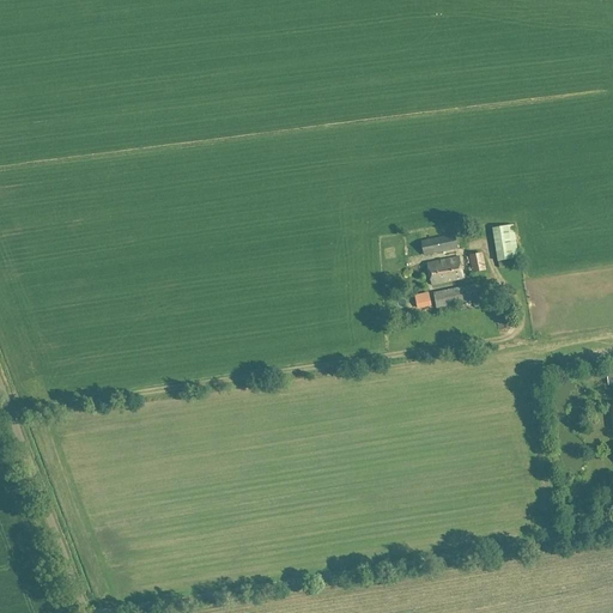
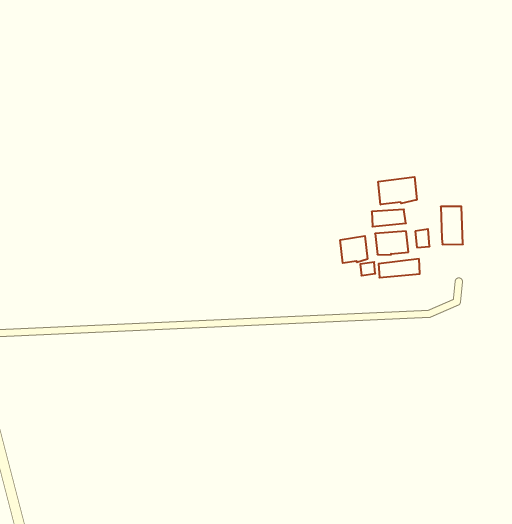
building: none -> [378,177,417,205]
building: none -> [340,236,367,263]

